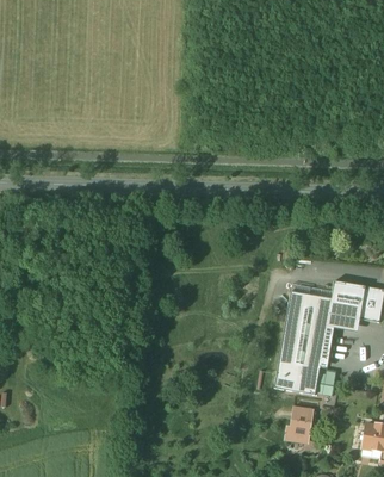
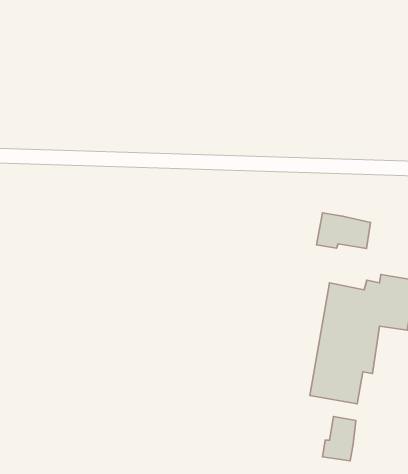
building: none -> [317,213,371,248]

